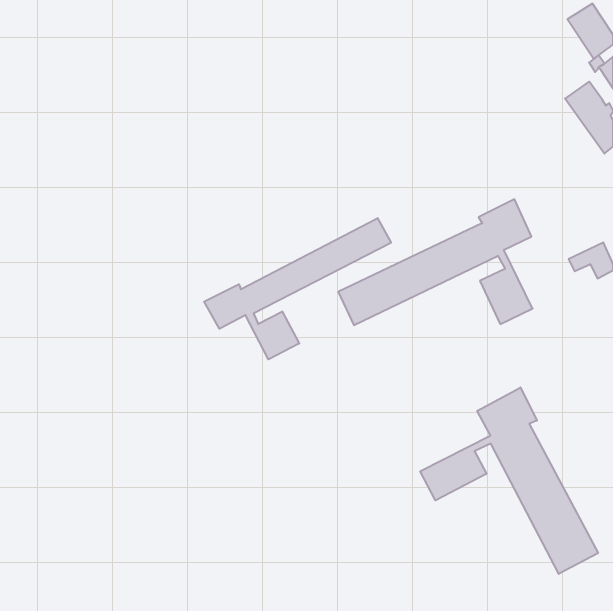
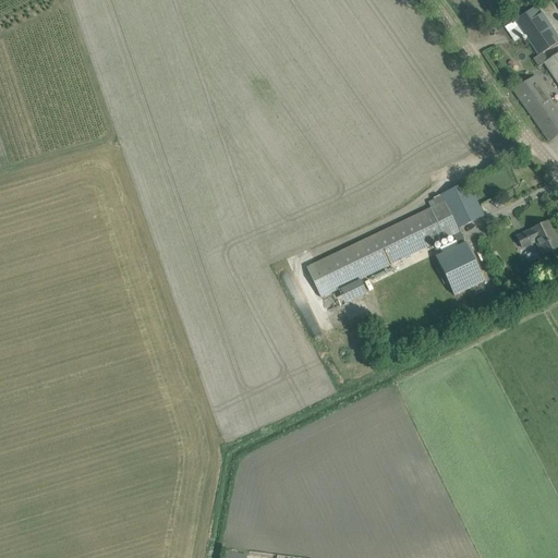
building: [204,218,391,359] -> none
building: [420,387,598,574] -> none

